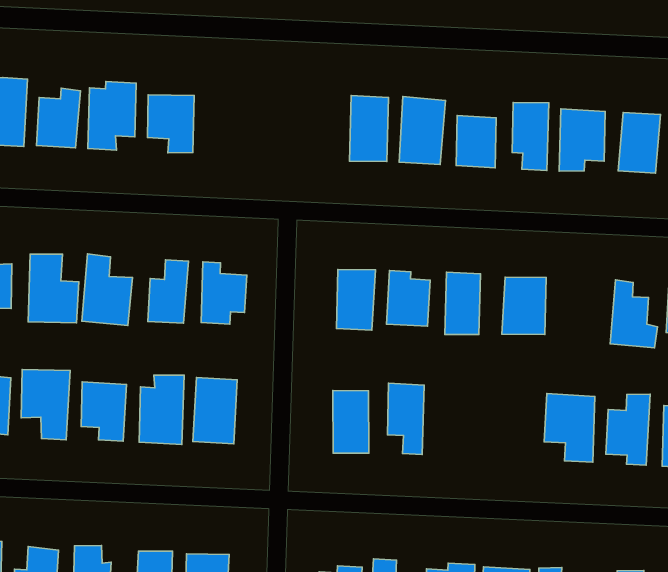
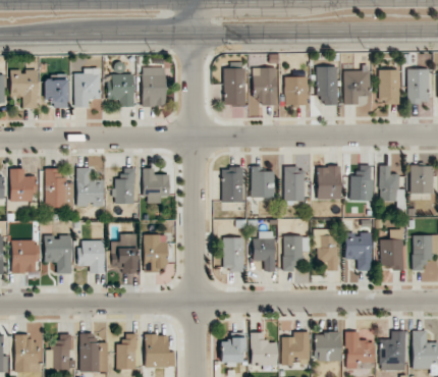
building: none -> [142,67,167,107]
building: none -> [351,165,373,201]
building: none -> [315,228,338,270]
building: none -> [283,236,311,271]

